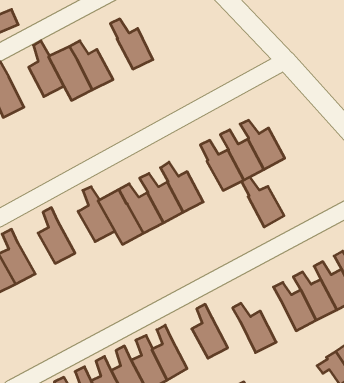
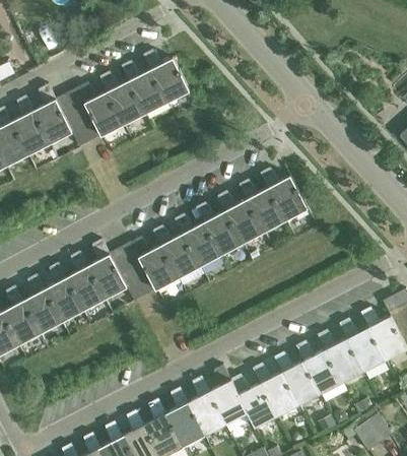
building: none -> [143,51,189,105]
building: none -> [99,72,145,126]
building: none -> [12,95,50,155]
building: [241,177,284,227] -> [196,203,242,257]
building: none -> [65,252,105,312]
building: none -> [22,274,62,334]
building: none -> [274,354,320,407]
building: none -> [230,377,276,430]
building: none -> [187,378,225,436]

